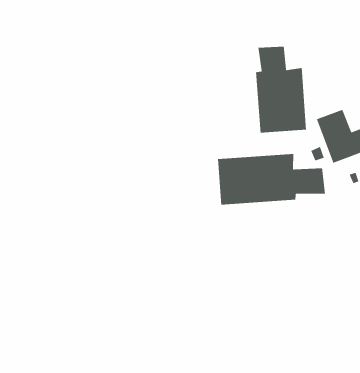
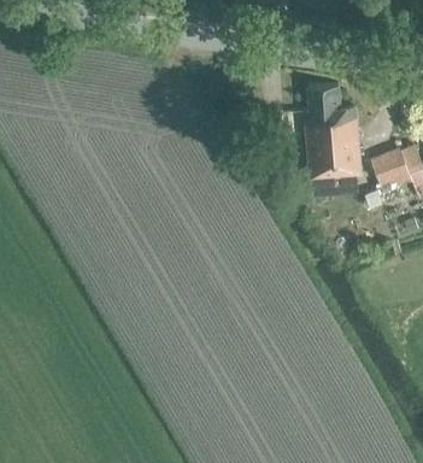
building: [217,153,326,206] -> none

